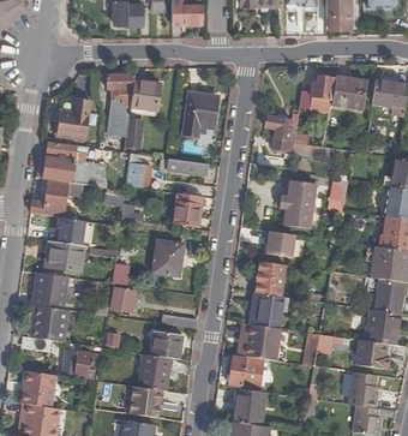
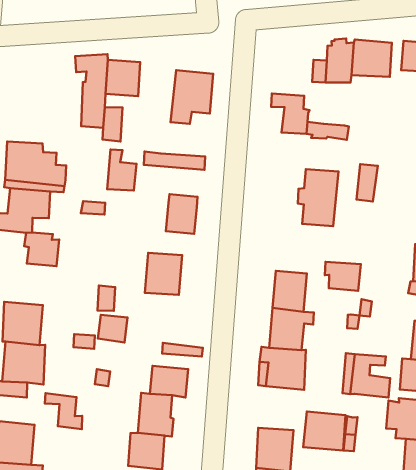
building: [56,100,90,141] -> none
building: [264,232,294,257] -> [325,262,361,291]
building: [44,241,83,271] -> none
building: [228,356,264,389] -> [303,412,345,450]

